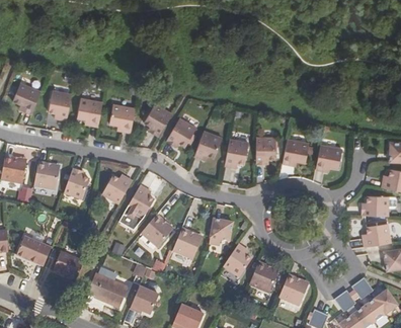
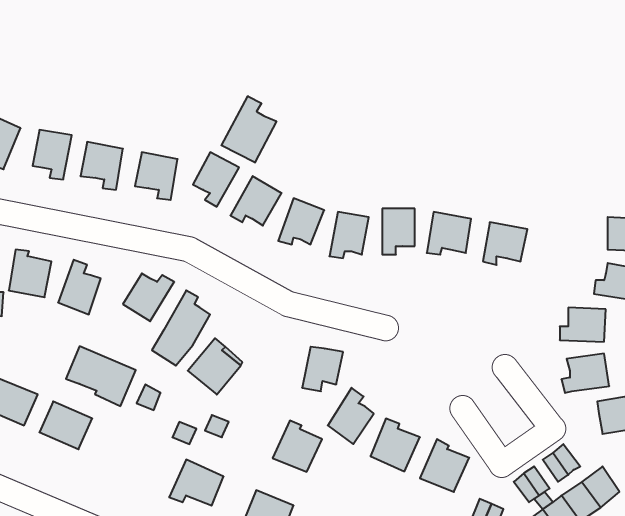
building: none -> [221,96,276,163]
building: [172,228,202,258] -> [273,421,322,472]
building: [87,272,129,308] -> [66,346,136,406]

